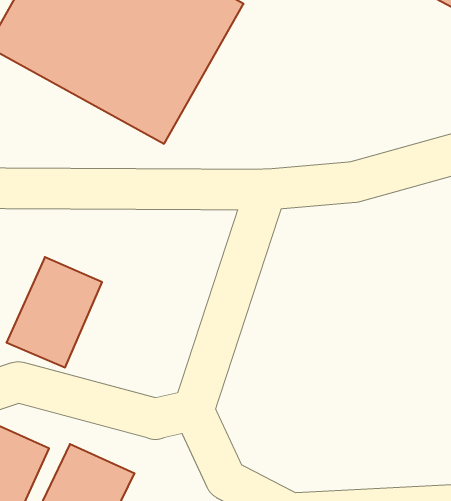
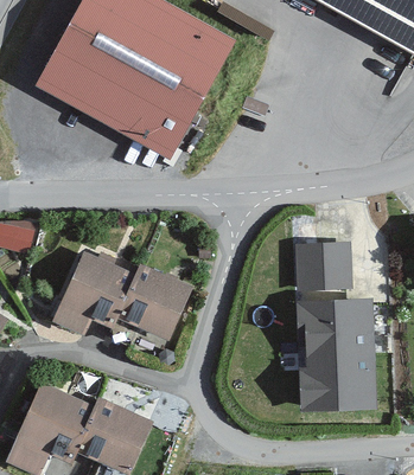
building: none -> [302,240,355,288]
building: none -> [113,262,192,340]
building: none -> [301,300,378,399]

